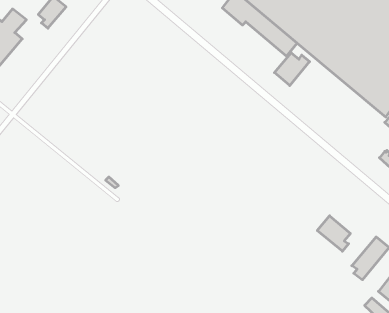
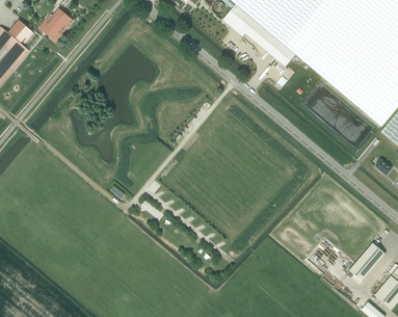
building: [274,53,310,86] -> none
building: [317,216,350,251] -> none

